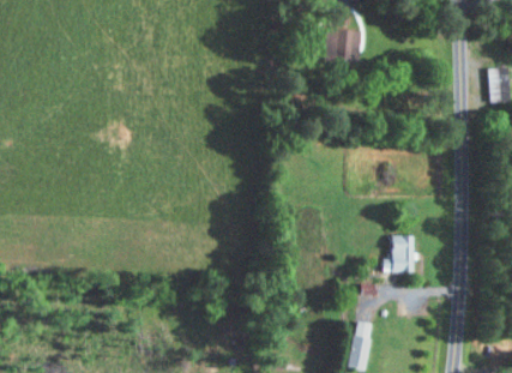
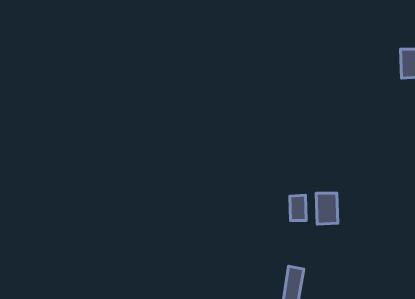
building: [324,30,361,60] -> none
building: none -> [290,195,306,221]

